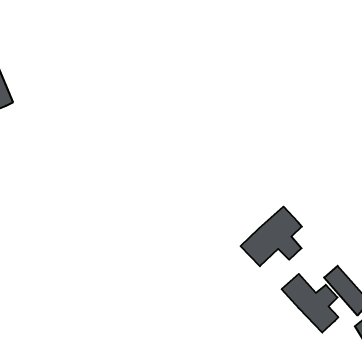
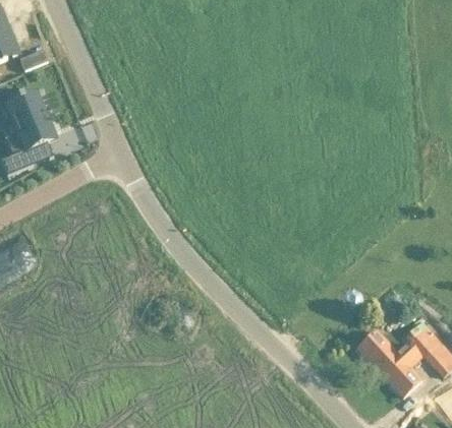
building: [241,207,302,266] -> none

